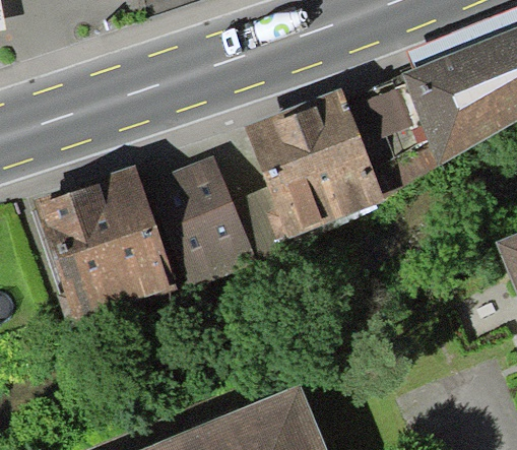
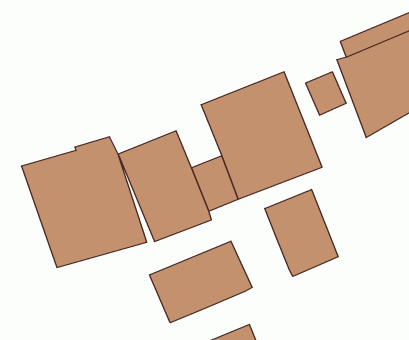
building: none -> [265,189,338,276]
building: none -> [150,241,252,323]

